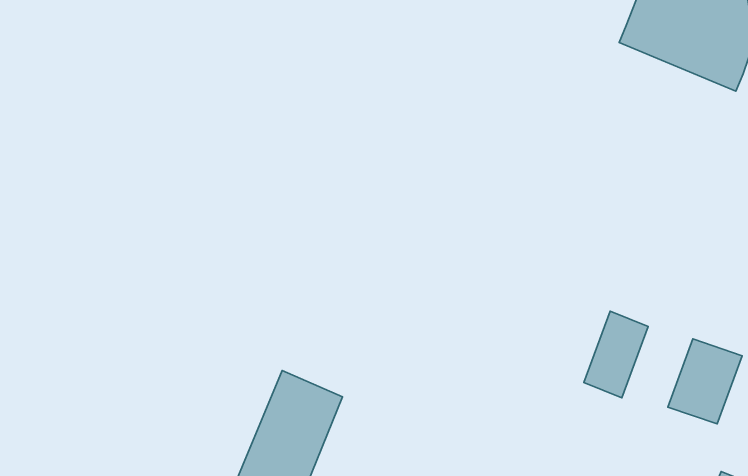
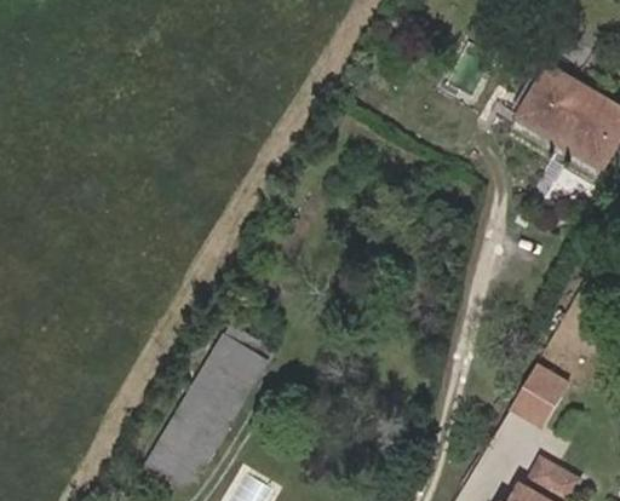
building: [584,311,648,398] -> none

